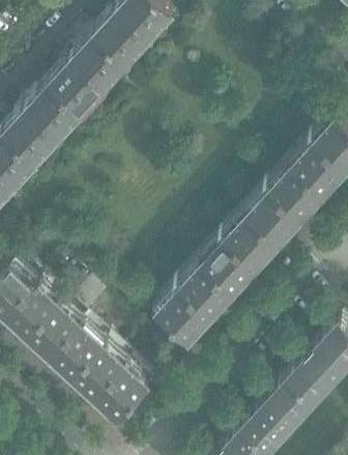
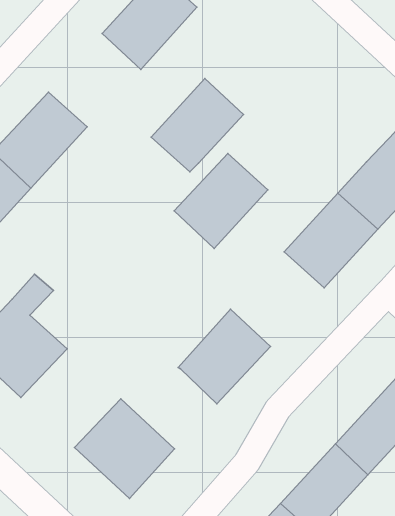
building: [50,37,126,115] -> [151,78,244,172]
building: [201,219,279,297] -> [174,154,268,248]
building: [27,286,110,381] -> none

